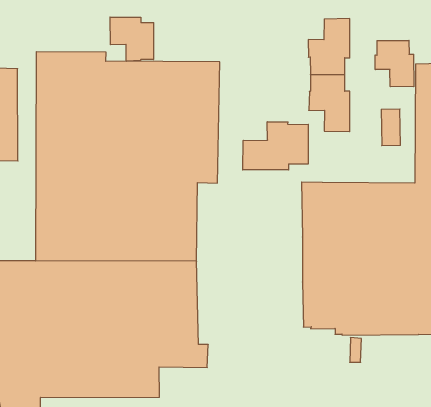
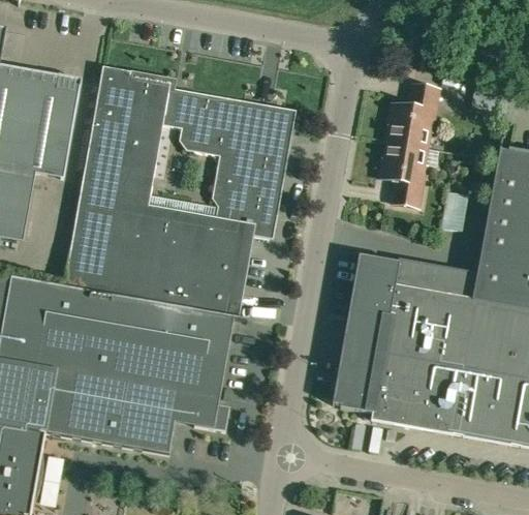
building: [110,17,154,61] -> none
building: [375,40,414,87] -> none
building: [243,122,308,170] -> none

